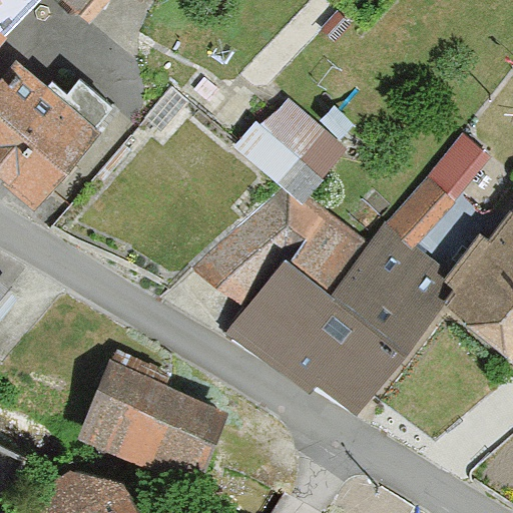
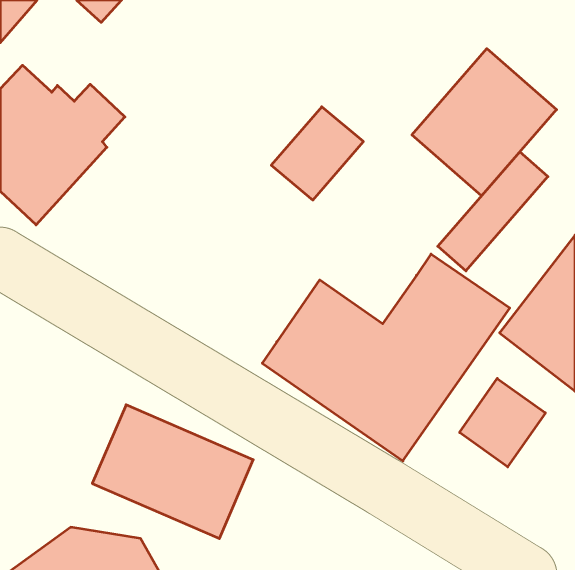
building: none -> [412,49,557,196]
building: [198,187,371,309] -> none
building: none -> [460,378,545,467]

